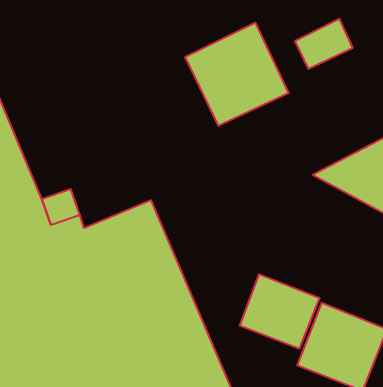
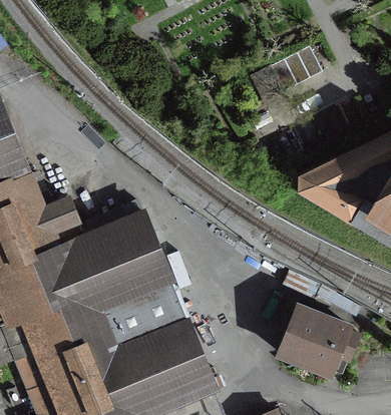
building: [185,23,289,126] -> none
building: [240,274,319,349] -> none

